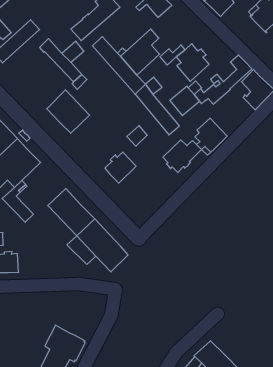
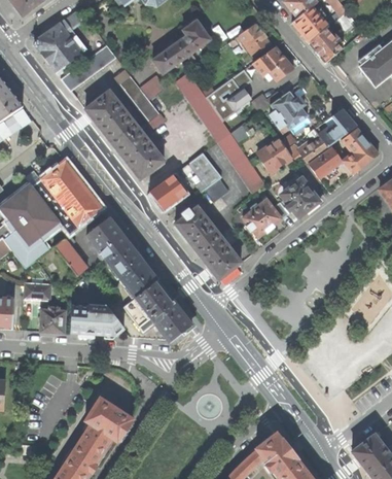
building: none -> [252,47,292,81]
building: none -> [85,91,139,148]
building: none -> [308,147,344,178]
building: none -> [181,153,221,192]
building: none -> [149,173,186,210]
building: none -> [189,225,241,279]
building: none -> [86,217,128,260]
building: none -> [70,306,121,336]

